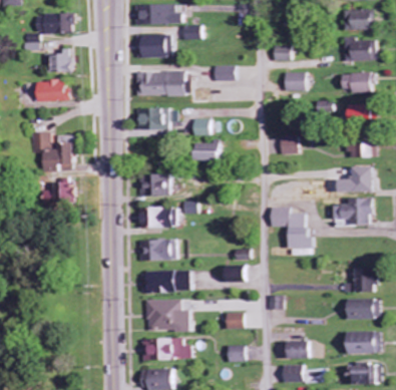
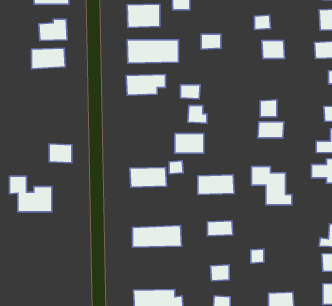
building: [29,132,74,170] -> [10,176,52,212]
building: none -> [258,122,284,138]
building: [138,174,169,196] -> [175,133,204,153]
building: [140,240,179,261] -> [198,175,234,194]
building: [147,300,192,331] -> none

